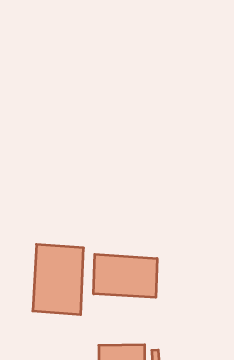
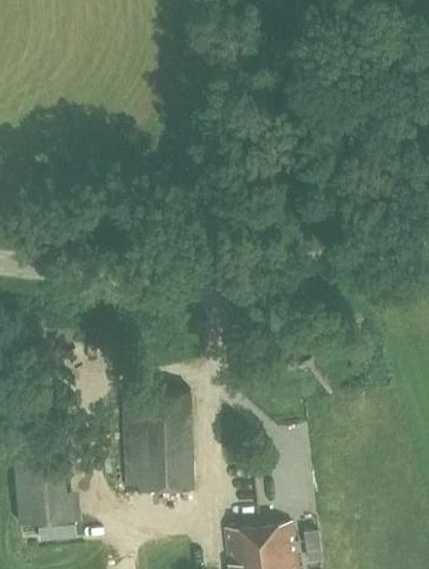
building: [94,254,157,297] -> none

